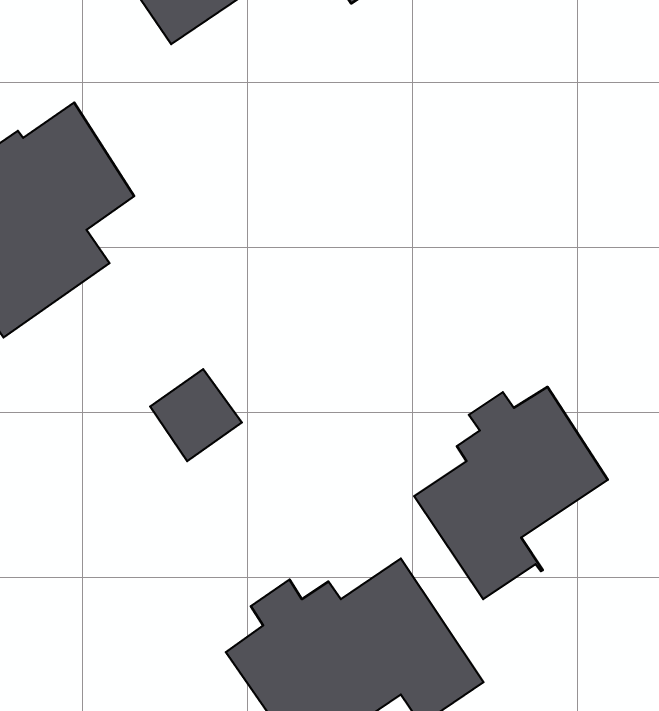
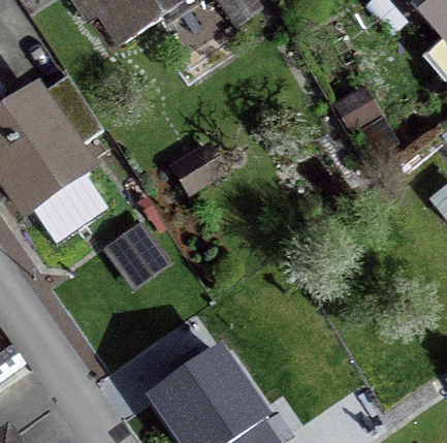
building: [414,387,608,599] -> none

